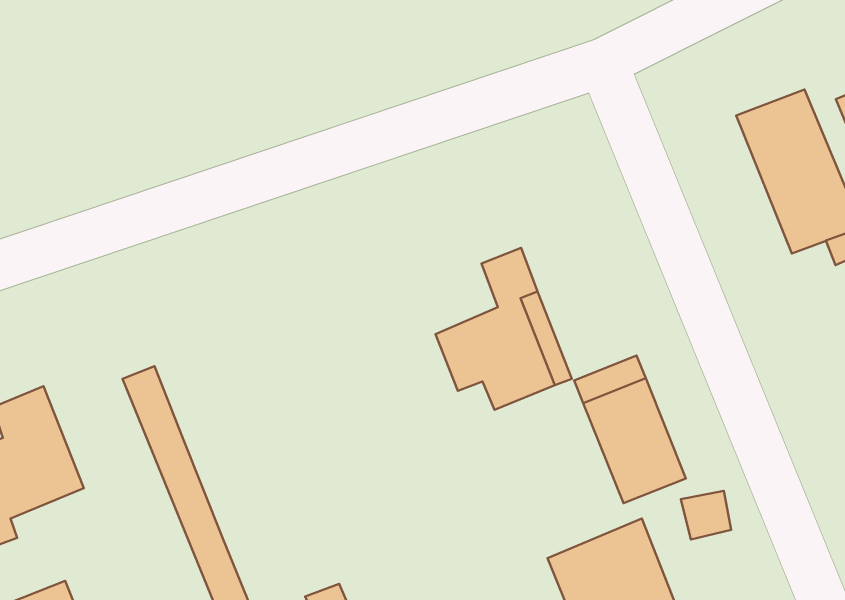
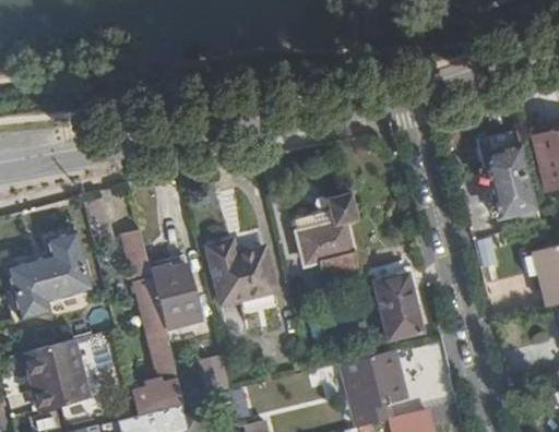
building: none -> [206,241,275,304]
building: none -> [150,253,199,328]

